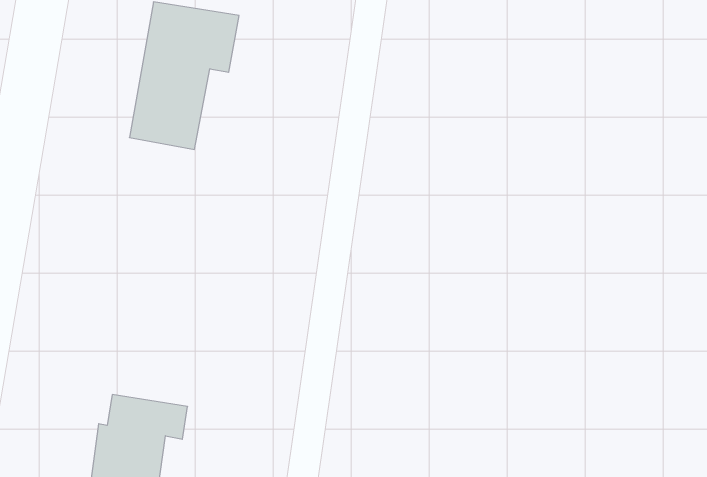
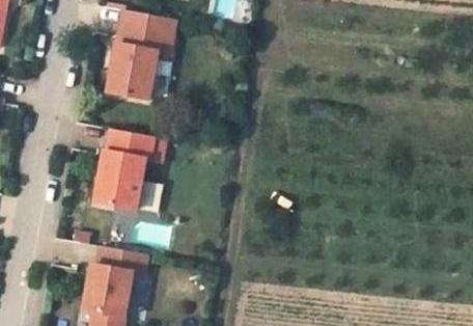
building: none -> [96,133,155,213]

